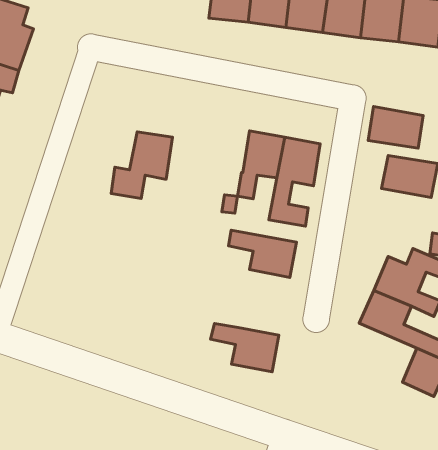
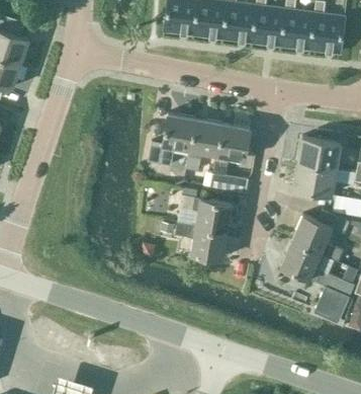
building: [368,106,423,148] -> [293,163,336,195]
building: [111,132,173,199] -> [148,114,195,166]
building: [211,324,279,372] -> [174,223,227,260]

